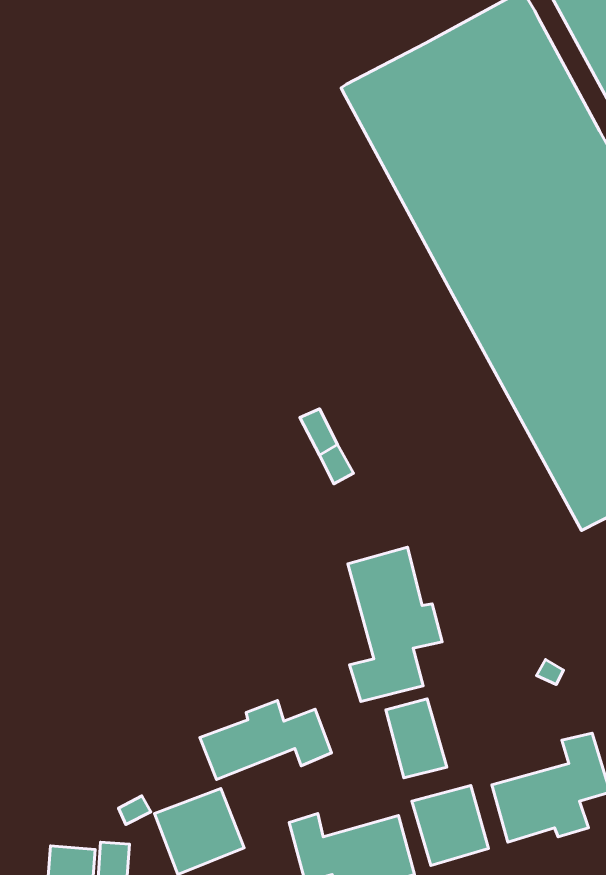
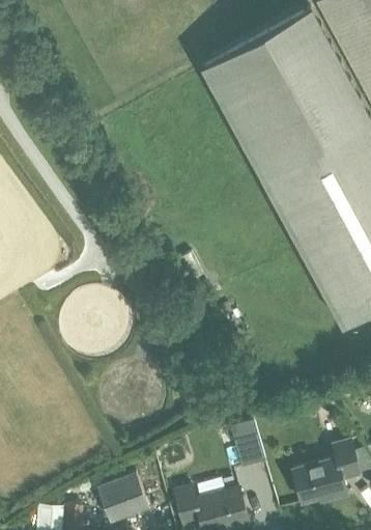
building: [348,547,442,702] -> none
building: [200,701,331,779] -> none
building: [412,785,489,866] -> none

